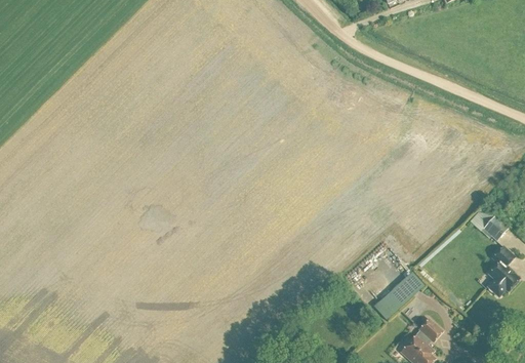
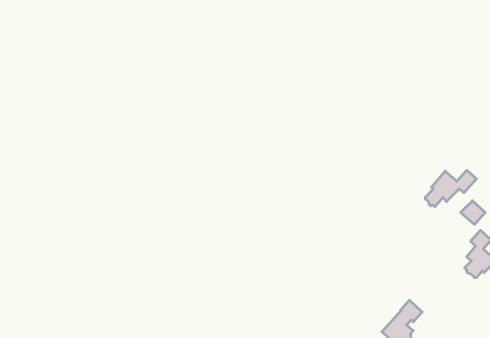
building: none -> [425,170,476,207]
building: [373,271,423,318] -> none

